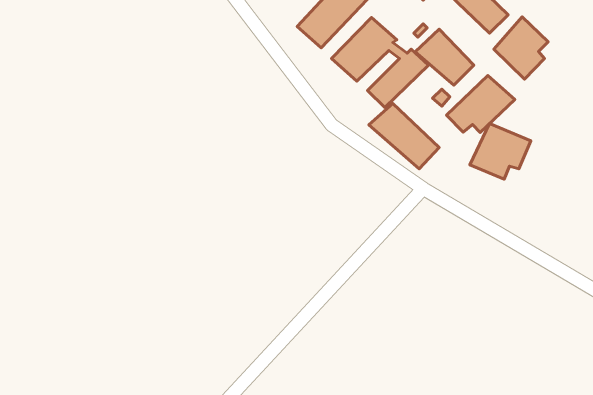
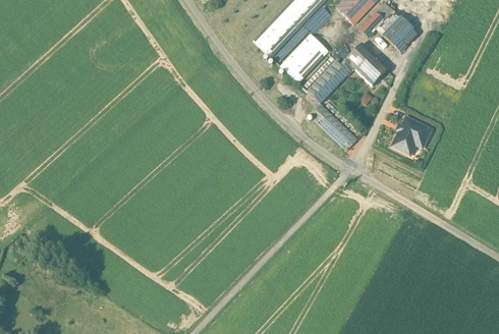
building: [494,17,548,79] -> none
building: [447,76,515,133] -> none

